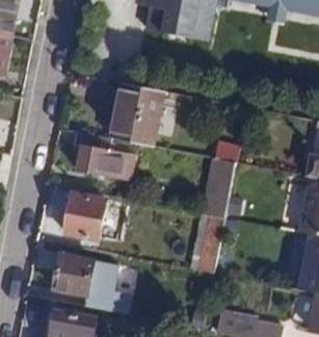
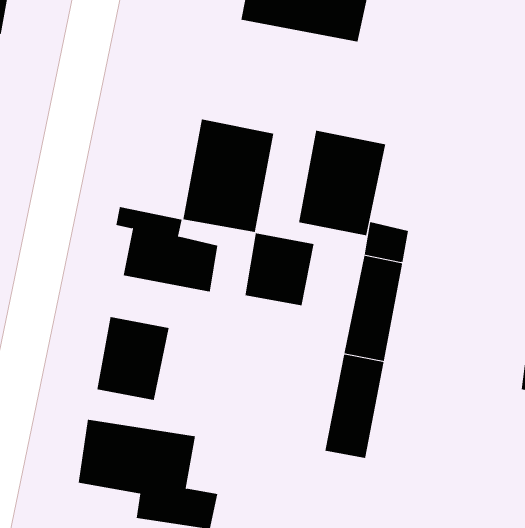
building: none -> [298,130,386,236]
building: none -> [245,233,314,306]

